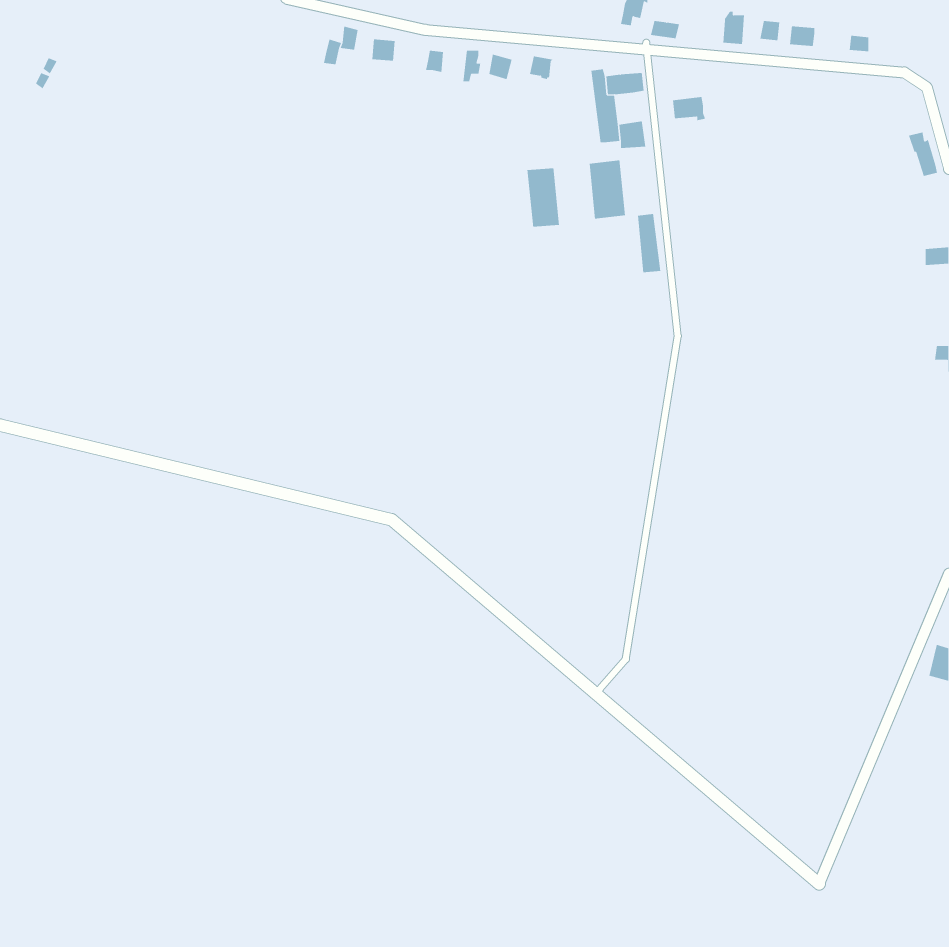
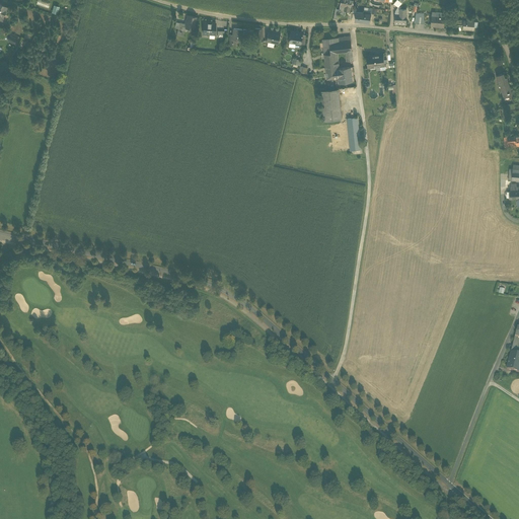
building: [527,167,560,228] -> none

